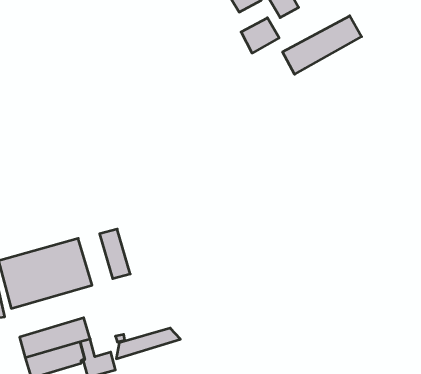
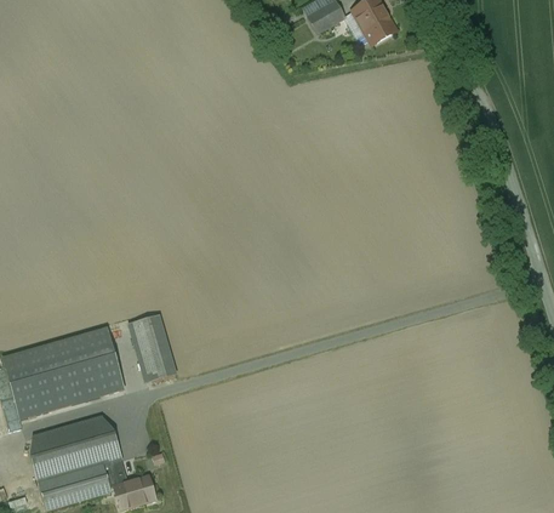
building: [283,16,362,74] -> none
building: [241,18,279,53] -> none
building: [116,328,180,359] -> [30,416,114,456]

